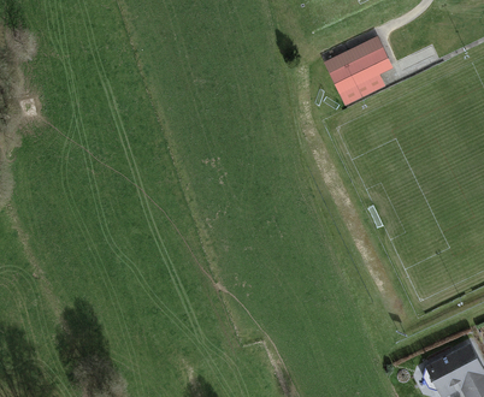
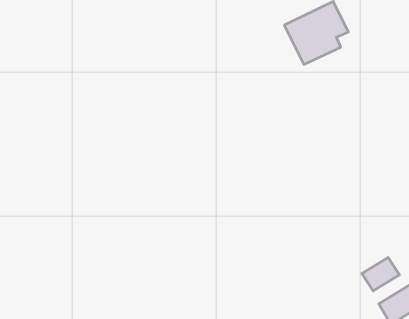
building: none -> [362,257,399,291]

